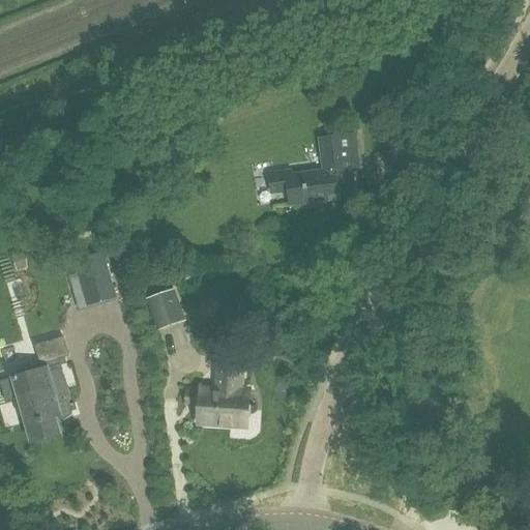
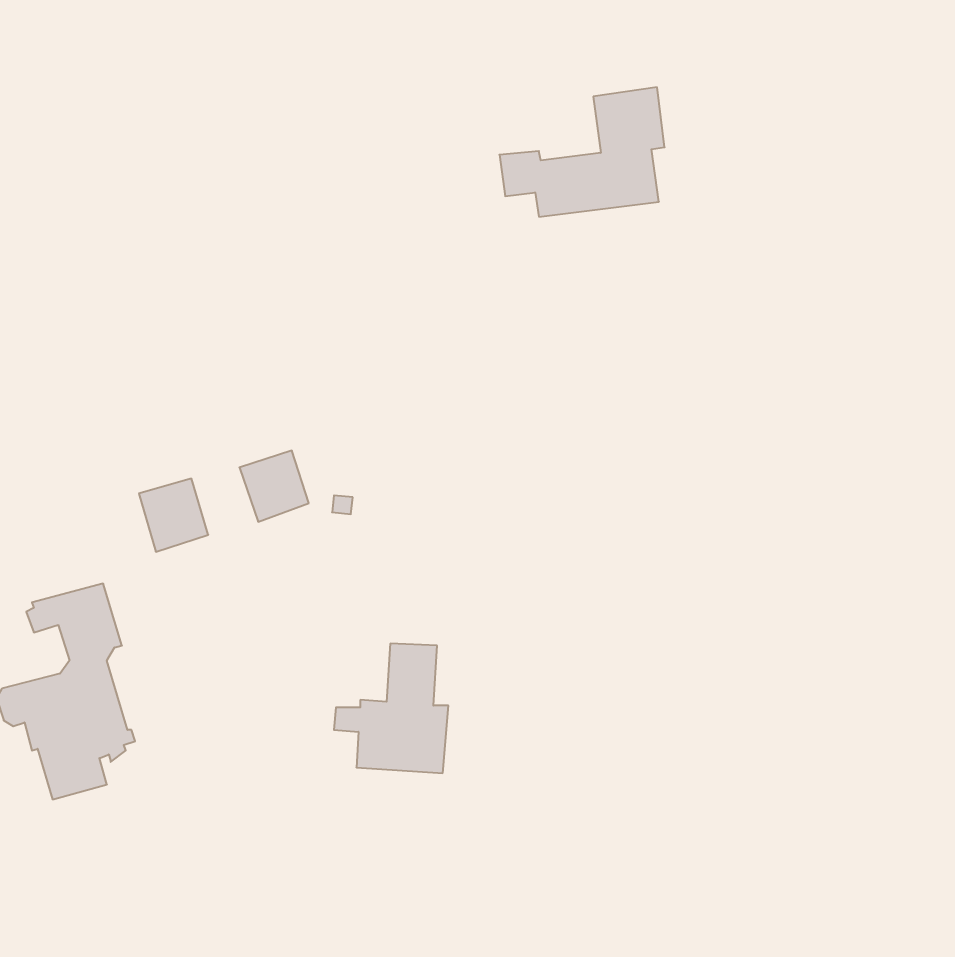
building: [266,134,357,205] -> [499,87,665,217]
building: [144,289,182,328] -> [239,451,309,522]

